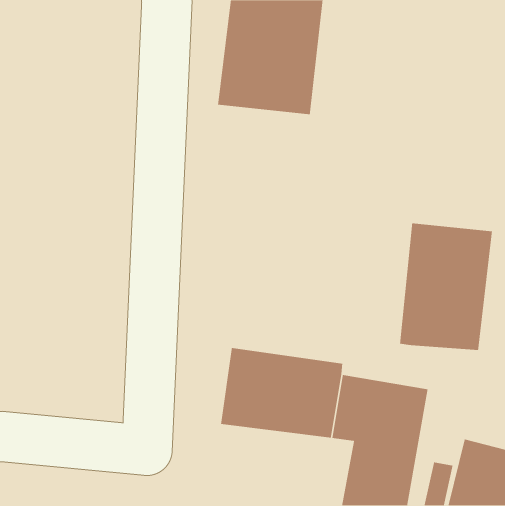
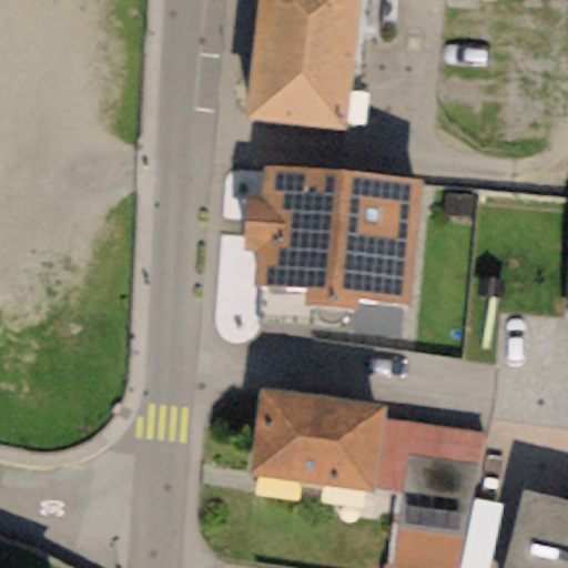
building: none -> [243,164,420,310]
building: [399,223,493,351] -> none

